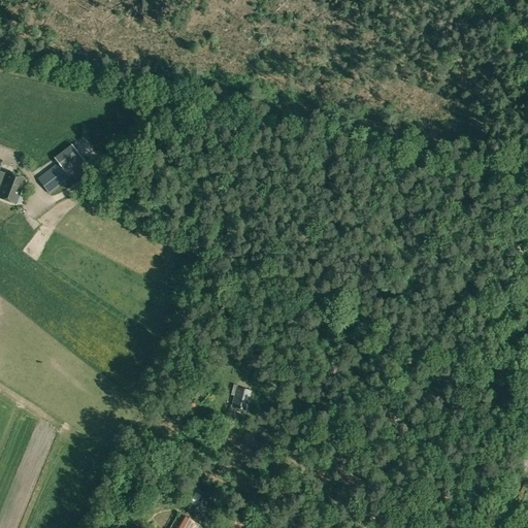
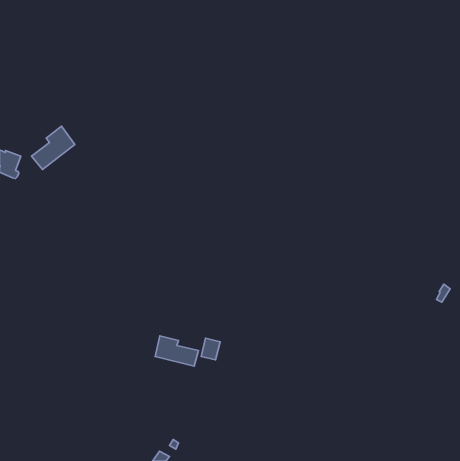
building: none -> [155,336,198,366]

